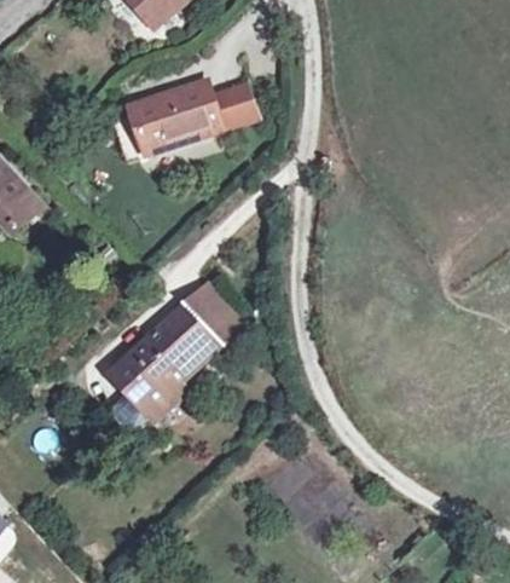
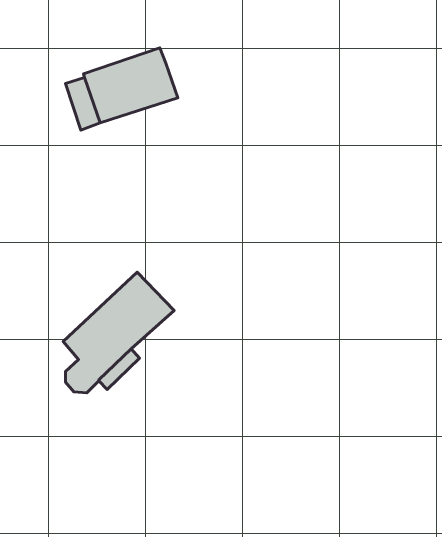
building: [213,82,259,128] -> none
building: [181,281,245,346] -> none

